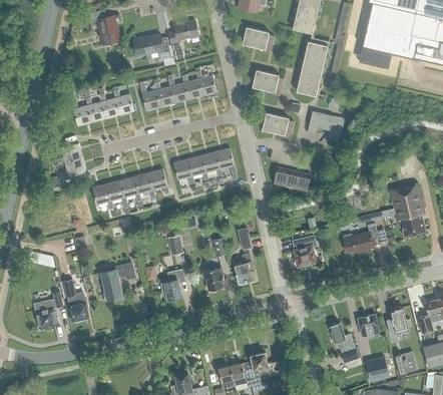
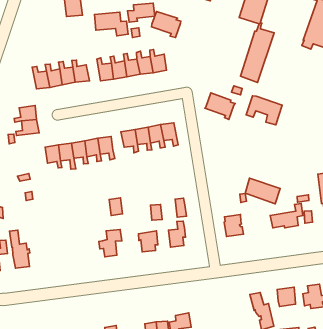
building: [243,27,274,53] -> [151,12,181,38]
building: [253,69,284,96] -> none
building: [274,166,311,191] -> [245,178,280,204]
building: [101,263,135,301] -> none

